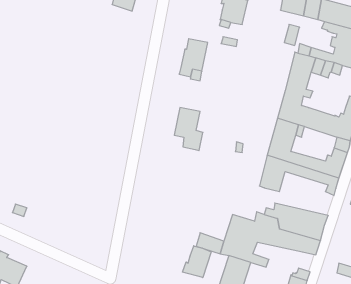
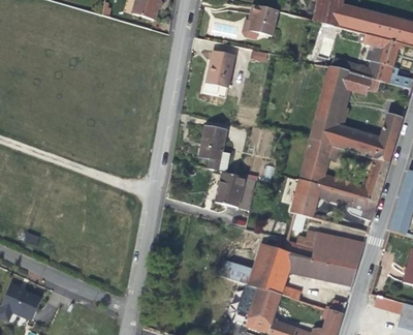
building: none -> [215,172,256,209]
building: [183,246,211,278] -> none

